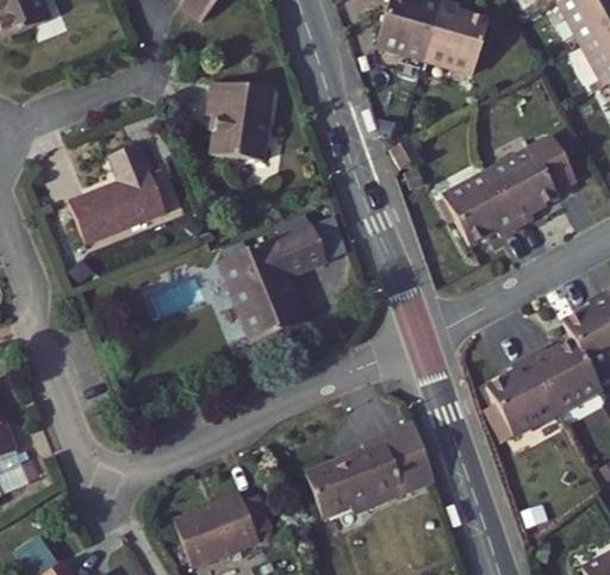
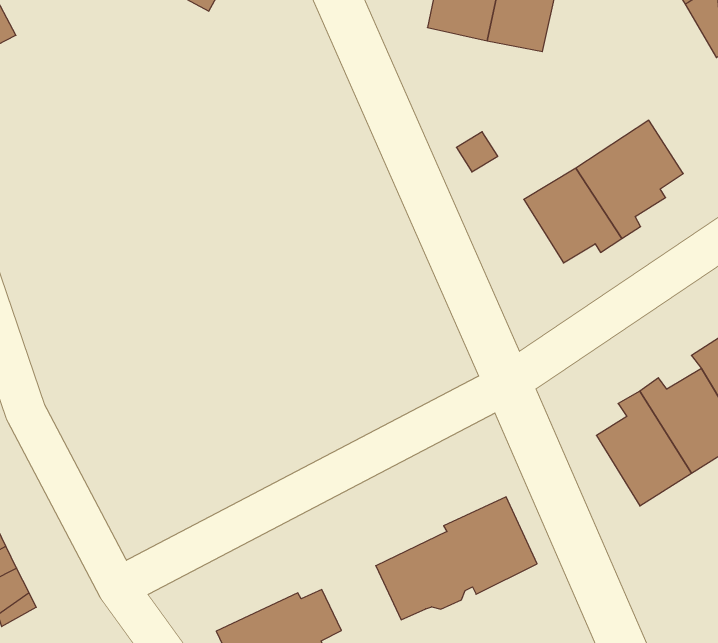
building: [212,82,279,165] -> none
building: [75,139,175,245] -> none
building: [232,227,329,343] -> none

